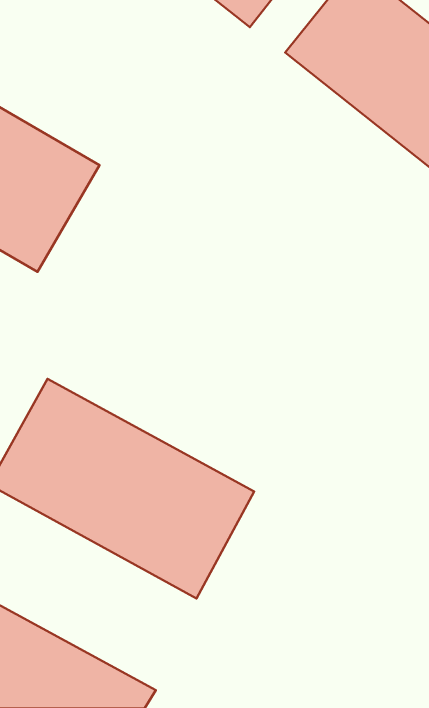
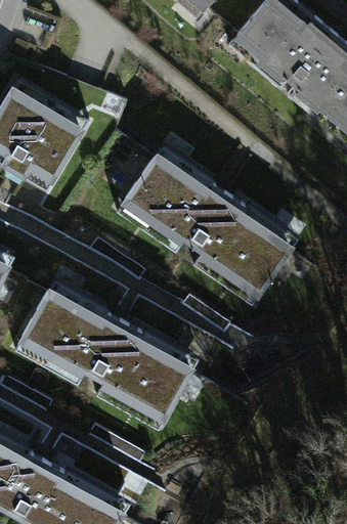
building: none -> [117,150,295,304]

